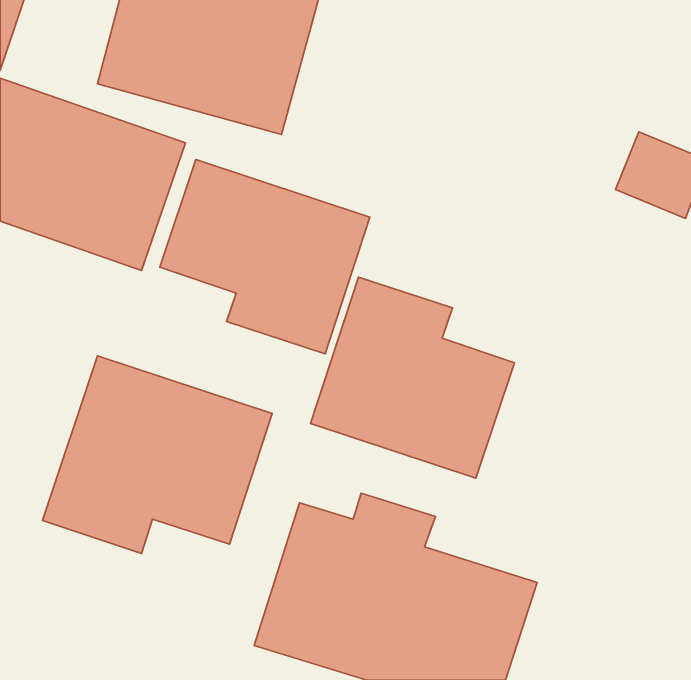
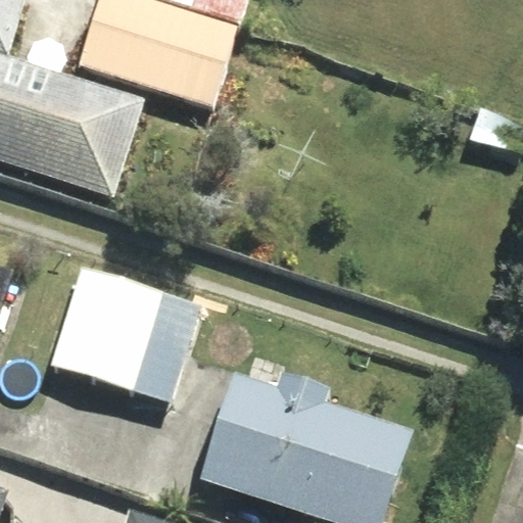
building: [160,160,370,354] -> none
building: [310,277,515,478] -> none

